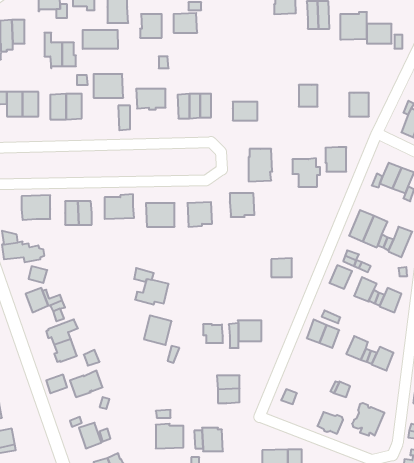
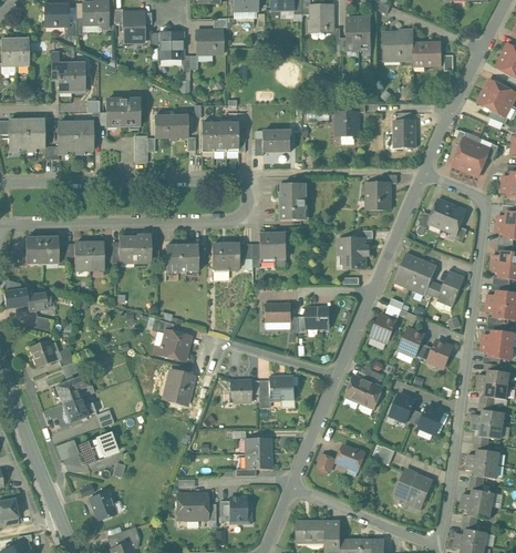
building: [83,30,118,49] -> none
building: [292,158,320,187] -> [338,236,369,268]
building: none -> [265,303,291,321]
building: [317,412,343,434] -> [336,444,364,469]

